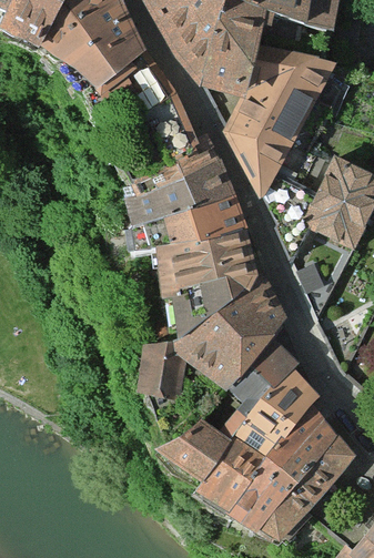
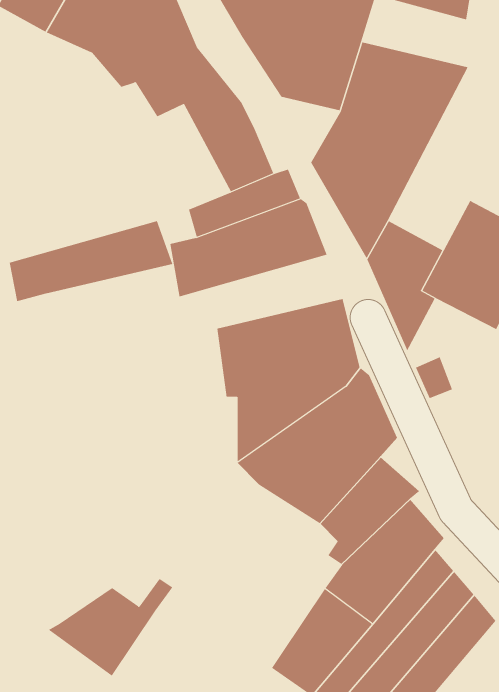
building: [129,195,245,253] -> [9,220,173,302]
building: [144,342,185,394] -> none
building: [155,408,244,478] -> [48,578,173,677]

